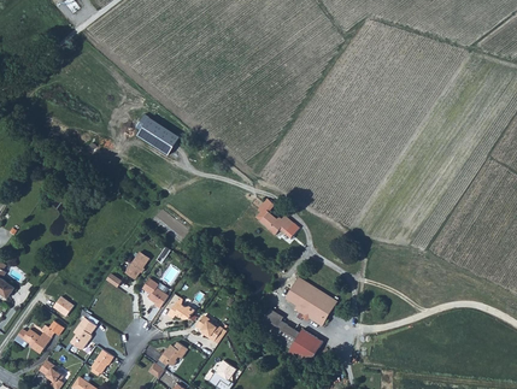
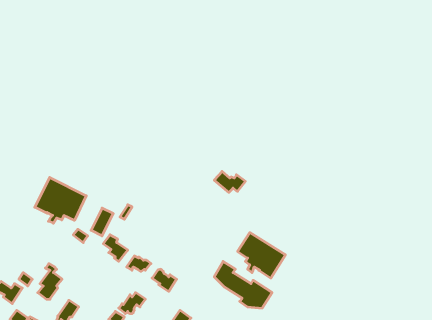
building: [136,116,180,155] -> none
building: none -> [35,177,86,223]

